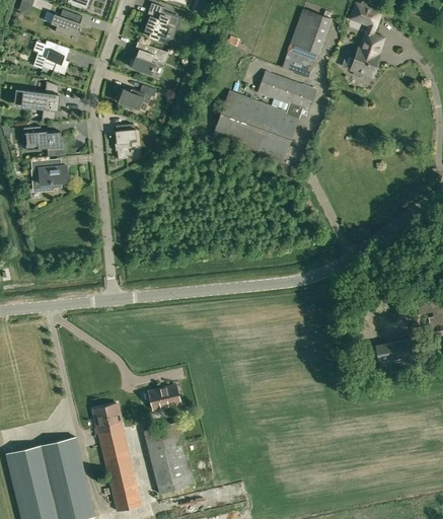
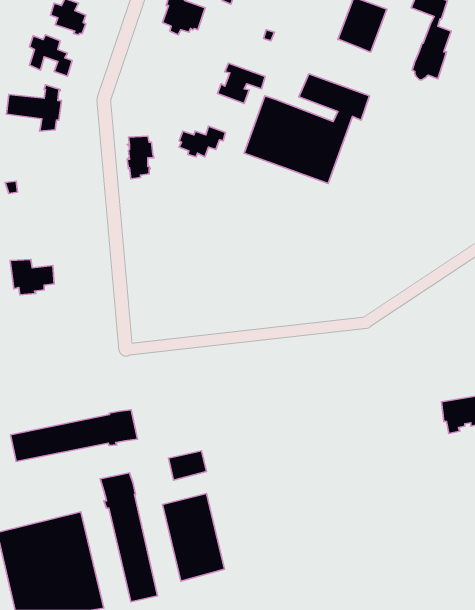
building: [129,41,168,74] -> [217,63,265,103]
building: [282,44,316,77] -> none
building: [118,84,156,109] -> [179,126,225,157]
building: [24,126,65,156] -> none
building: [31,160,68,190] -> [10,259,54,295]
building: none -> [11,410,138,462]

